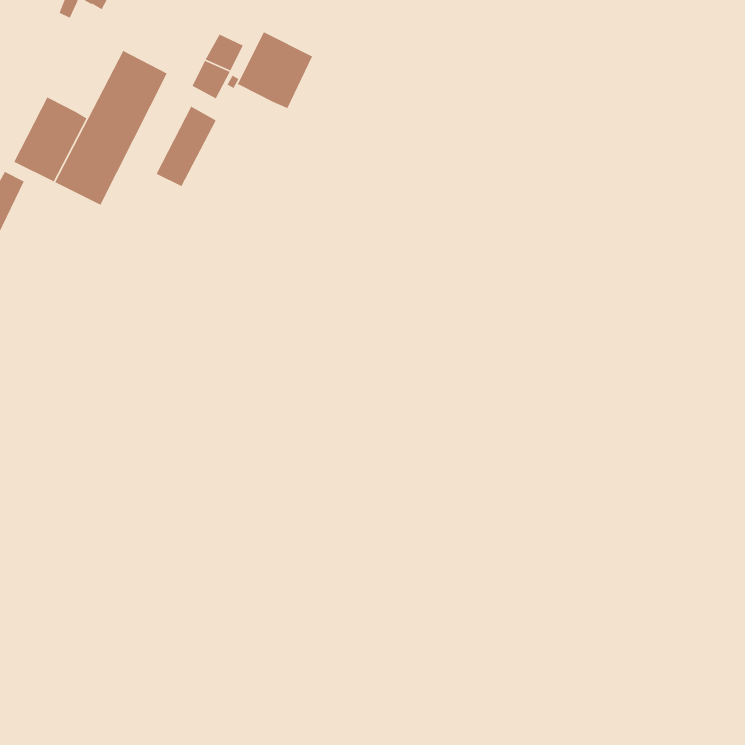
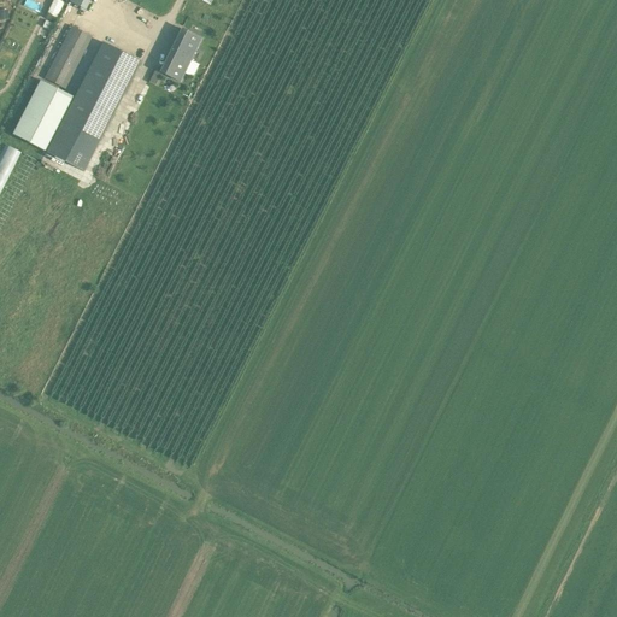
building: [237,31,313,109] -> none
building: [156,105,217,187] -> [41,24,92,92]

